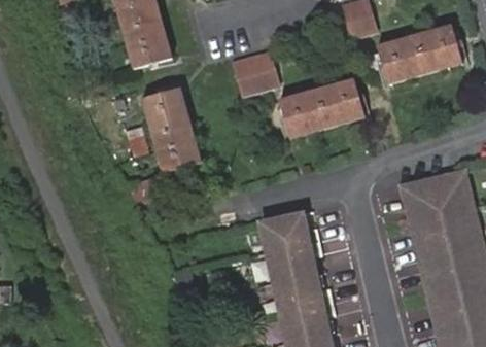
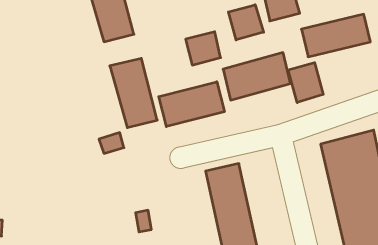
building: none -> [228,5,264,40]
building: none -> [288,63,323,103]
building: none -> [159,82,224,127]

